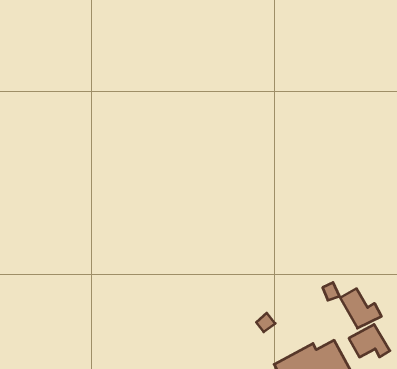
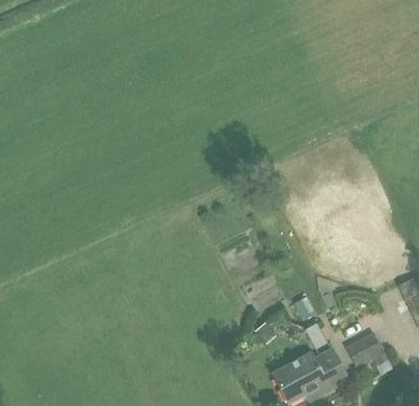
building: [340,289,381,328] -> none

